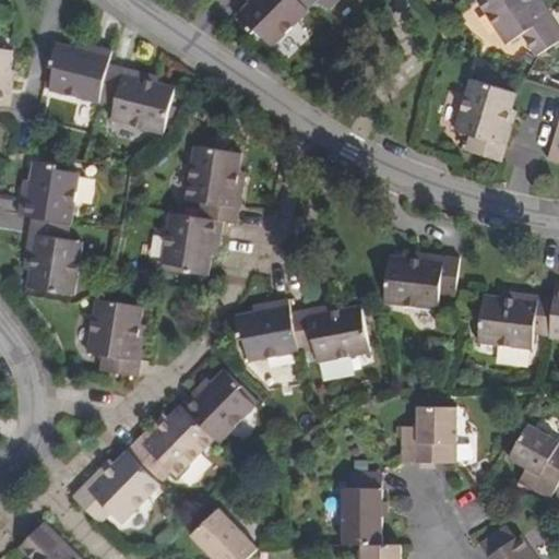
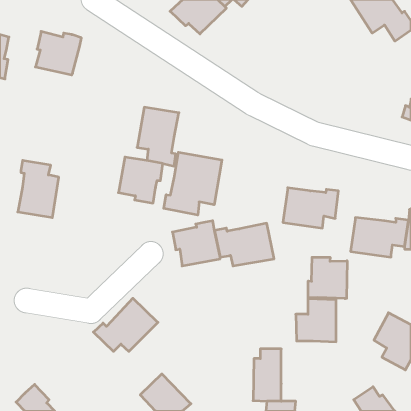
building: [98,62,175,130] -> none
building: [453,78,514,163] -> none
building: [17,159,81,224] -> none
building: none -> [164,152,222,215]
building: [86,299,142,377] -> none
building: none -> [308,257,347,299]
building: [180,370,254,442] -> none
building: [74,450,159,521] -> none

